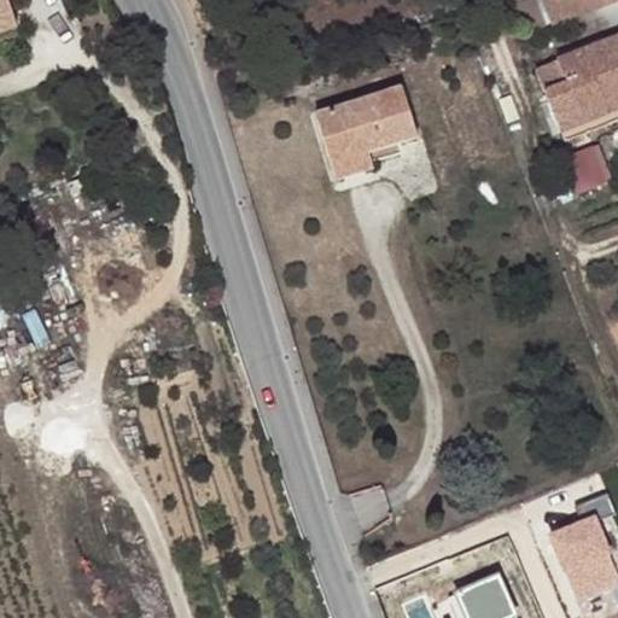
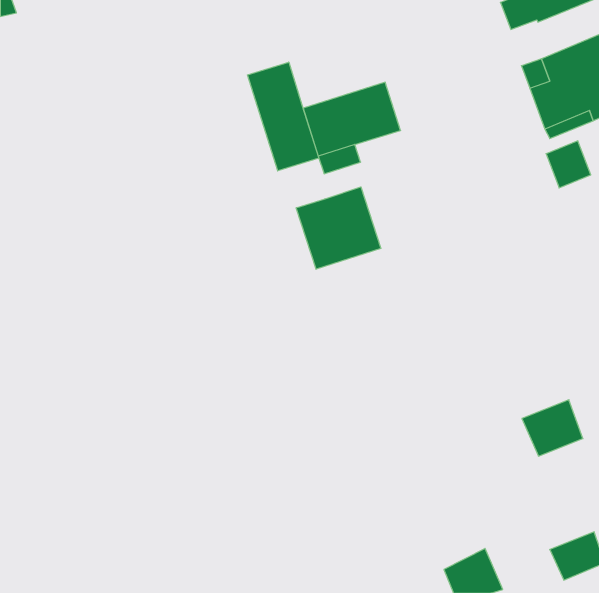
building: none -> [248,62,319,171]
building: none -> [296,187,381,269]
building: [549,507,612,565] -> [522,400,583,456]

